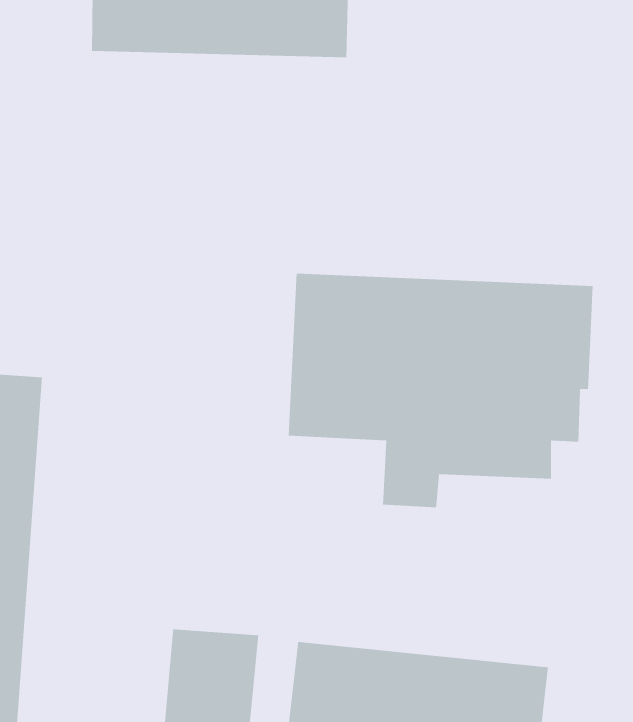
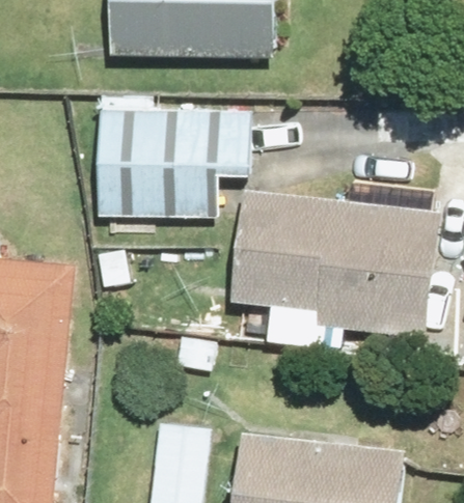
building: none -> [98,111,256,217]

